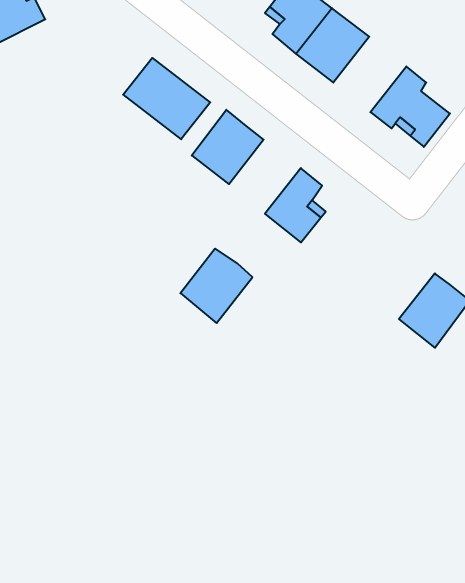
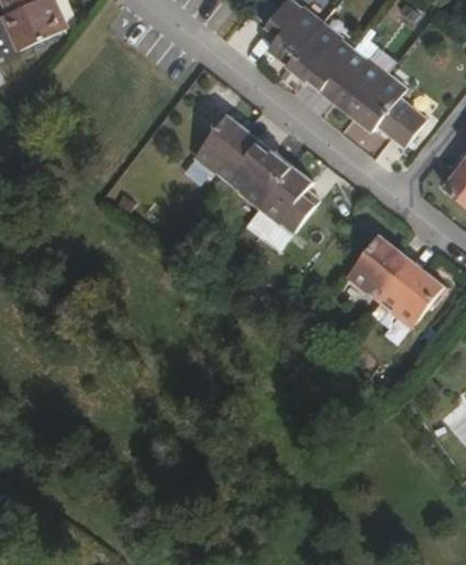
building: none -> [322,50,388,117]
building: [123,58,210,139] -> none
building: none -> [347,235,413,301]
building: [180,249,252,323] -> [230,141,294,207]

